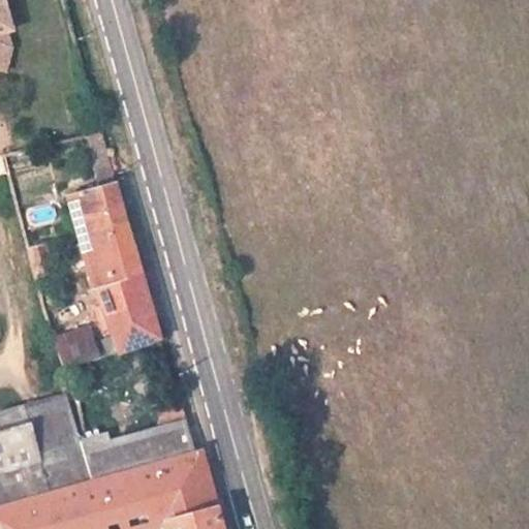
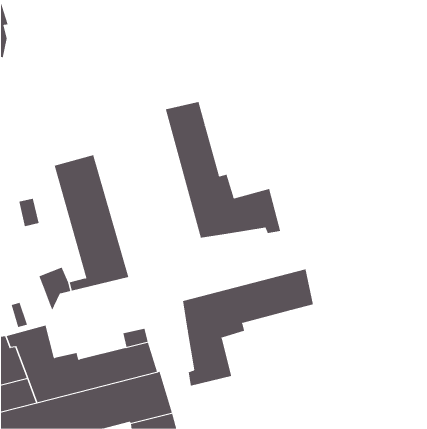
building: none -> [165,101,281,238]
building: none -> [183,269,314,386]

